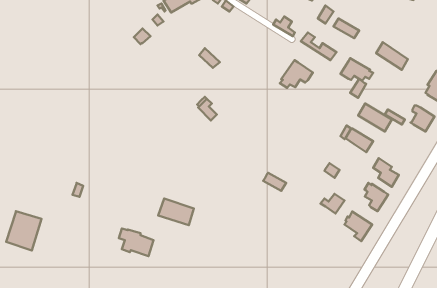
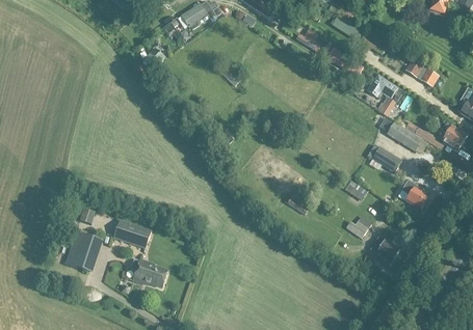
building: [280,60,313,88] -> none
building: [365,183,388,211] -> none
building: [158,199,194,225] -> [115,215,153,243]
building: [6,211,42,251] -> [68,227,105,269]

